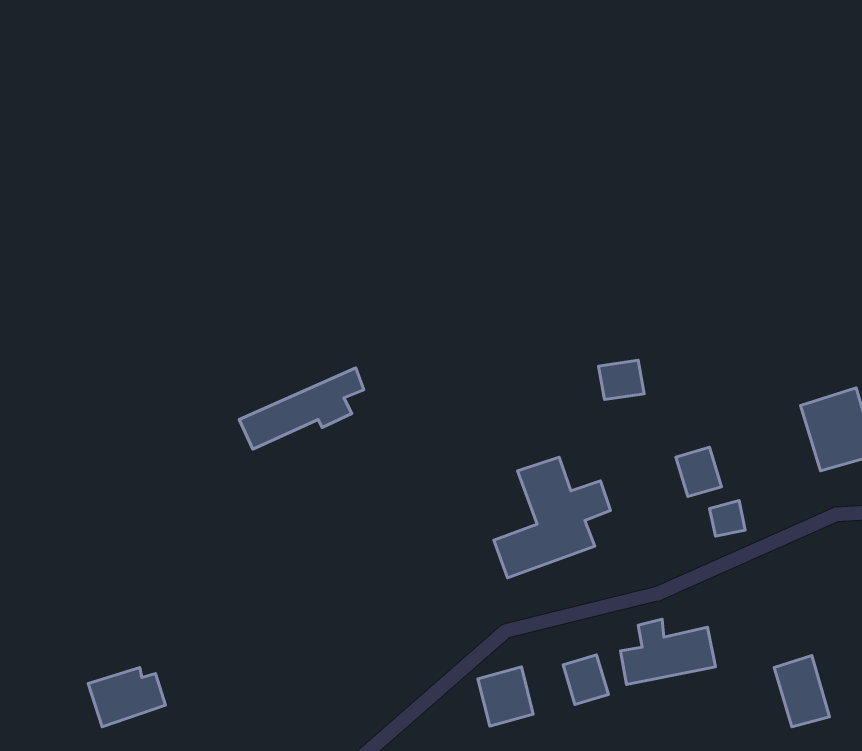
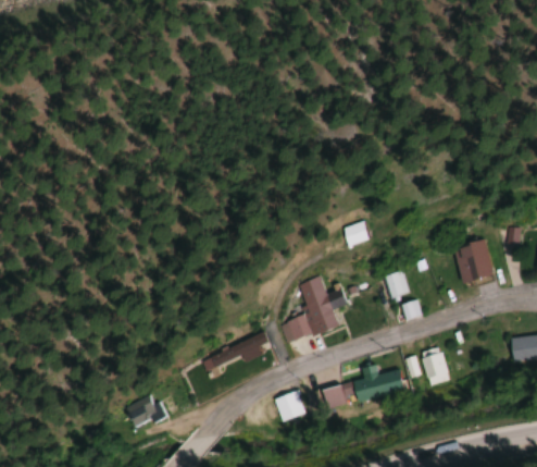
building: [239,368,364,449] -> [200,331,268,376]
building: [774,656,830,727] -> [422,346,452,385]
building: [88,668,165,727] -> [125,396,167,429]

